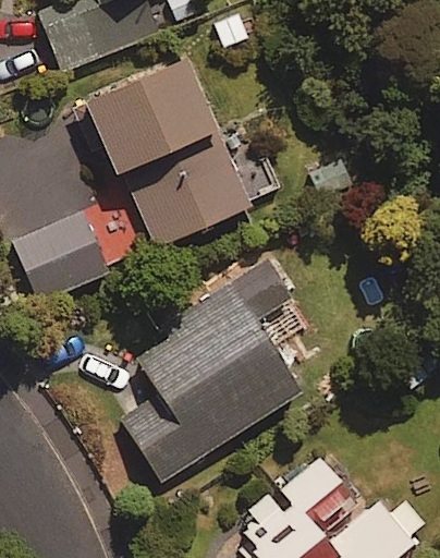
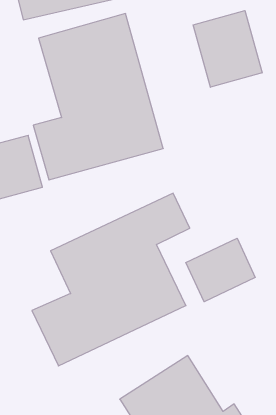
building: none -> [193,11,262,87]
building: none -> [186,238,255,302]

